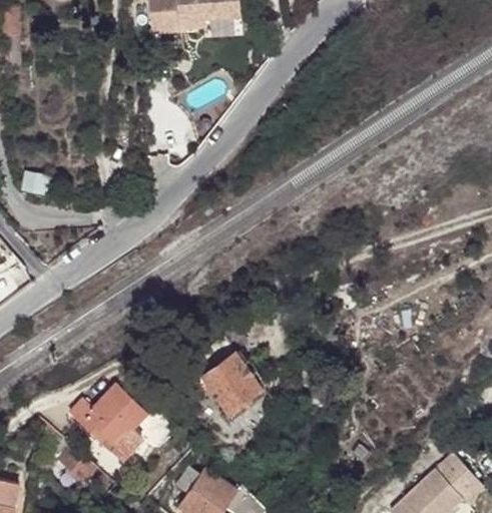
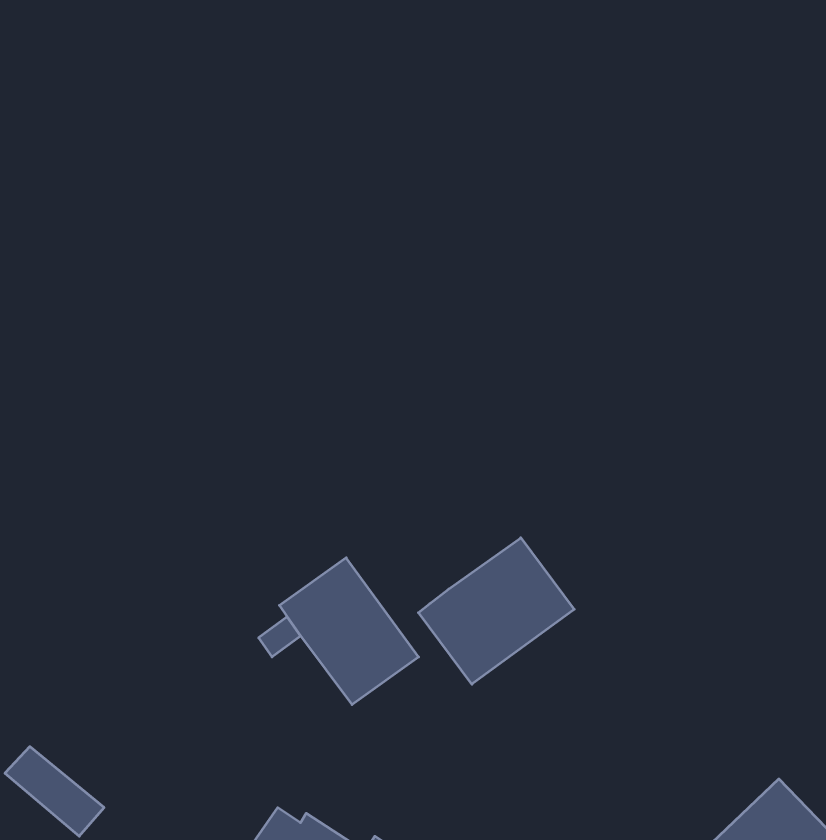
building: none -> [418,538,574,684]
building: [69,384,147,461] -> none

